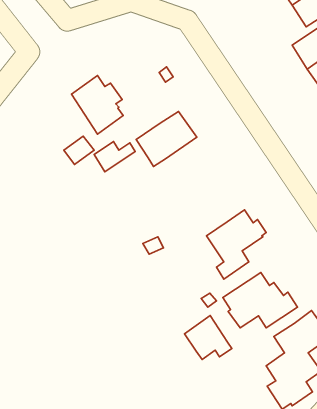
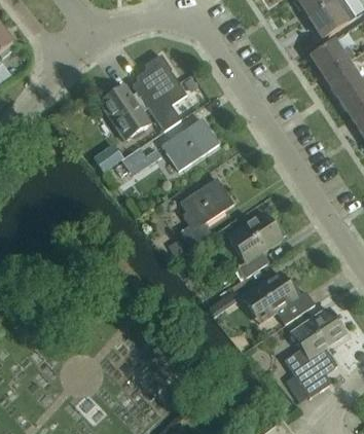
building: none -> [133,53,186,130]
building: none -> [179,177,233,247]
building: [184,315,232,359] -> none

